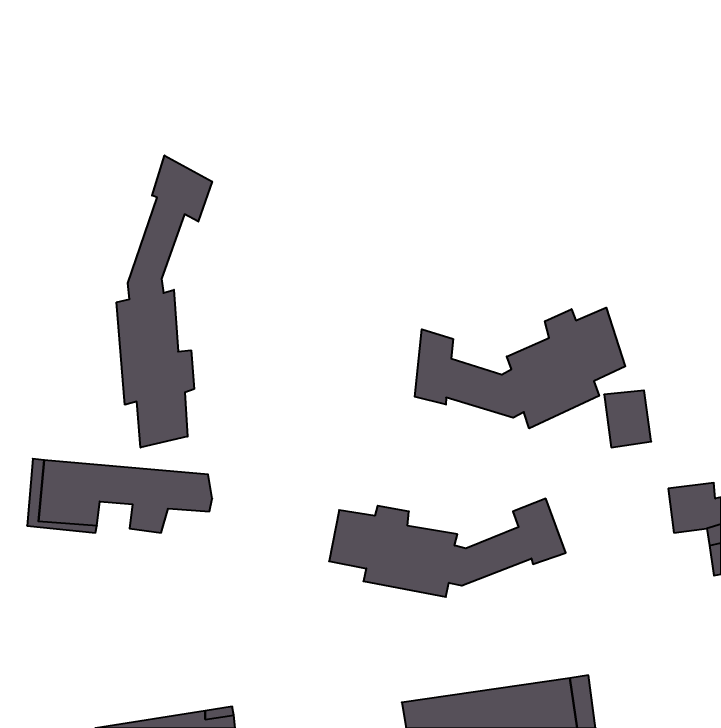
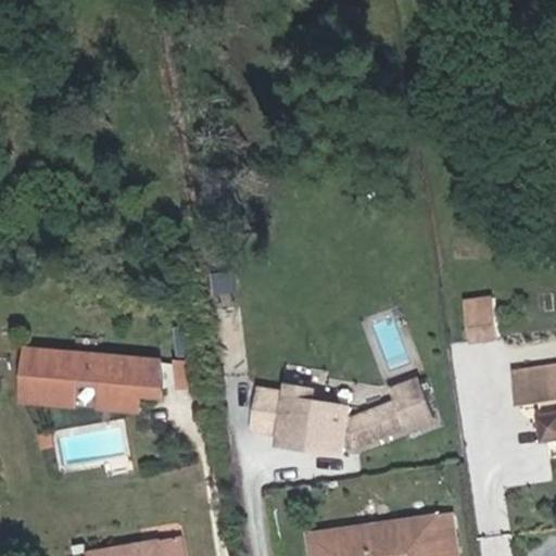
building: [117,155,212,448] -> none
building: [415,308,625,428] -> none
building: none -> [99,388,160,414]

